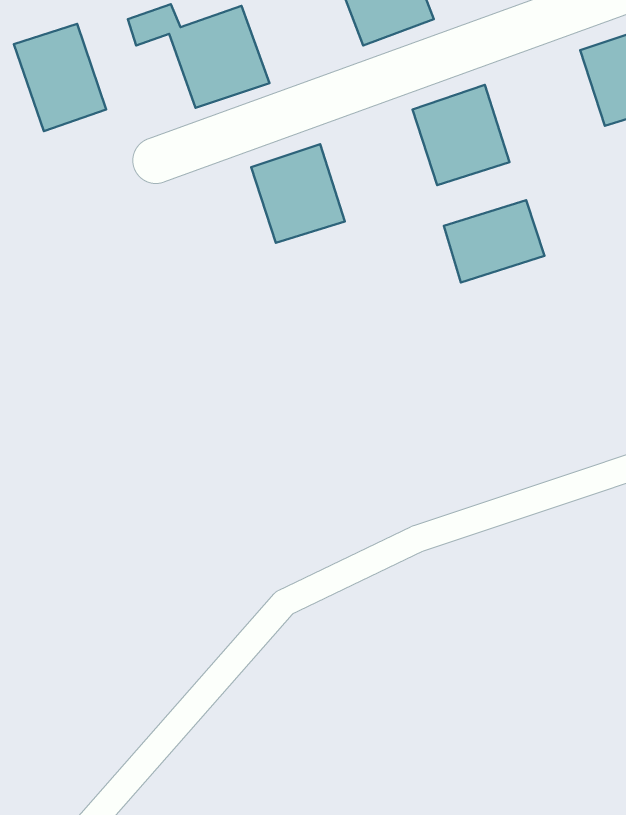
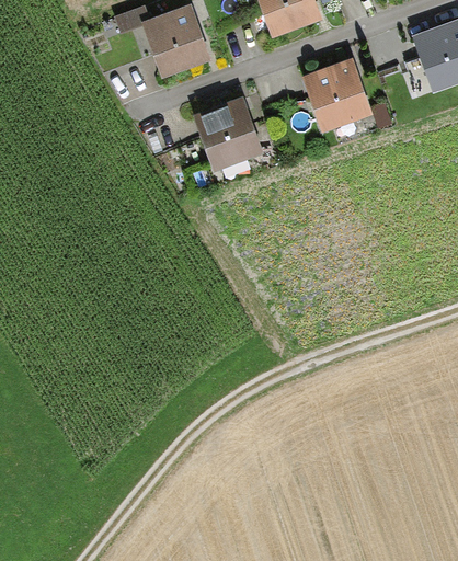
building: [14,24,106,131] -> none
building: [444,200,545,283] -> none

